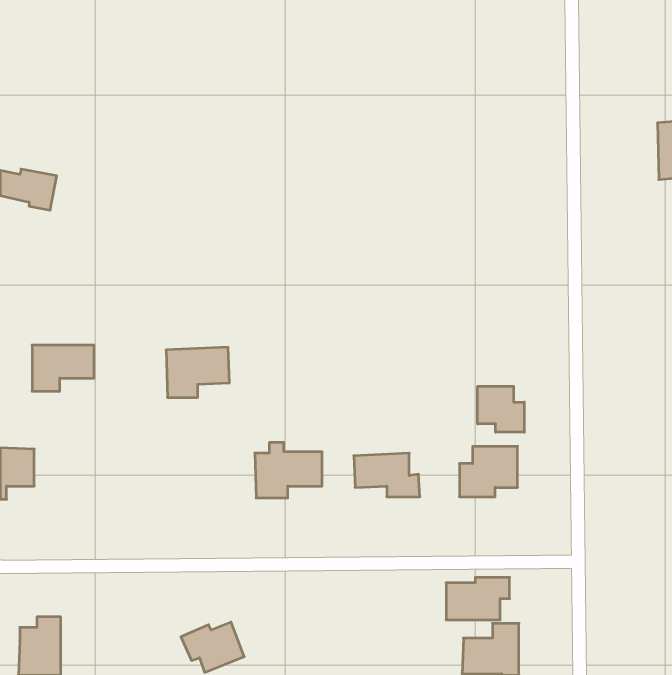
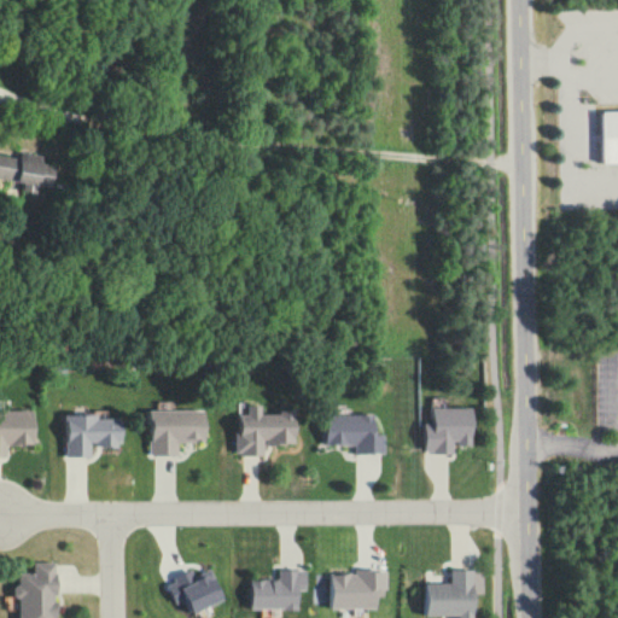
building: [32,345,94,391] -> [66,415,123,457]
building: [166,347,229,397] -> [150,409,208,455]
building: [478,386,524,432] -> none
building: [446,577,510,620] -> [330,570,387,608]
building: none -> [252,570,308,610]

